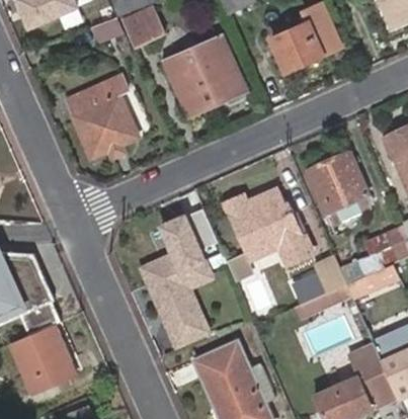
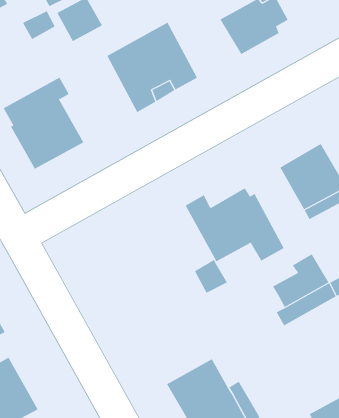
building: [138,211,216,345] -> none

